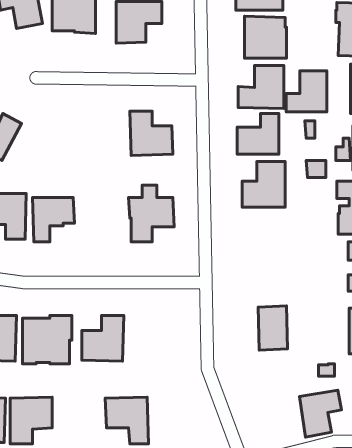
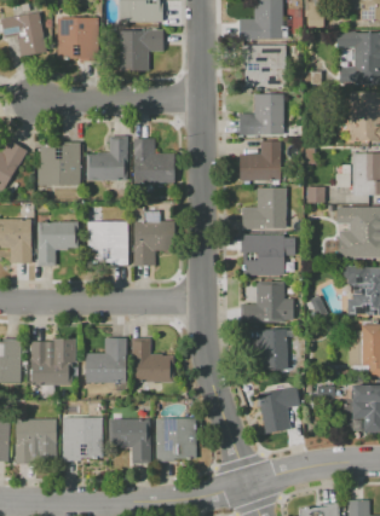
building: [286,71,327,112] -> none
building: none -> [87,135,128,180]
building: none -> [39,141,81,185]
building: none -> [87,221,128,265]
building: none -> [242,234,295,276]
building: none -> [241,280,294,323]
building: none -> [132,338,175,383]
building: [300,390,341,437] -> [259,387,300,433]
building: none -> [63,417,103,462]
building: none -> [156,418,197,462]

